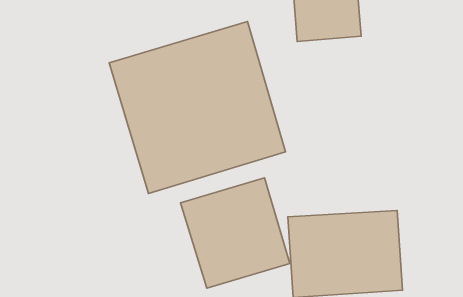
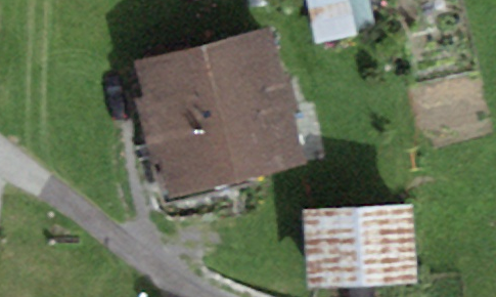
building: [180,178,290,288] -> none

